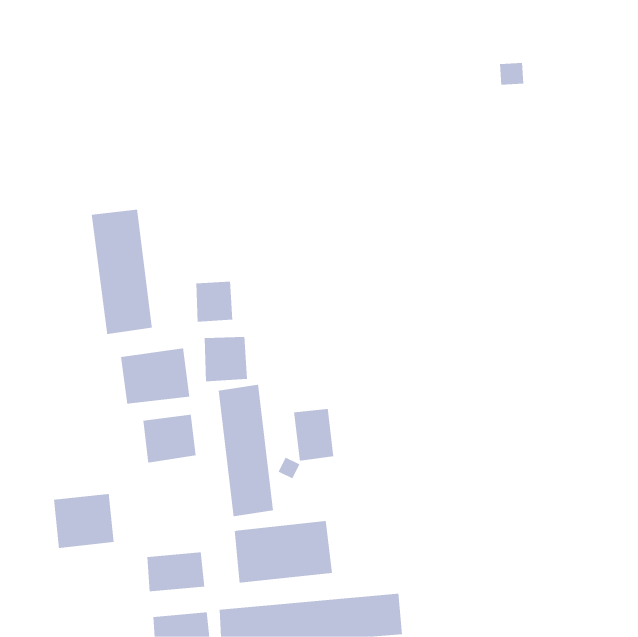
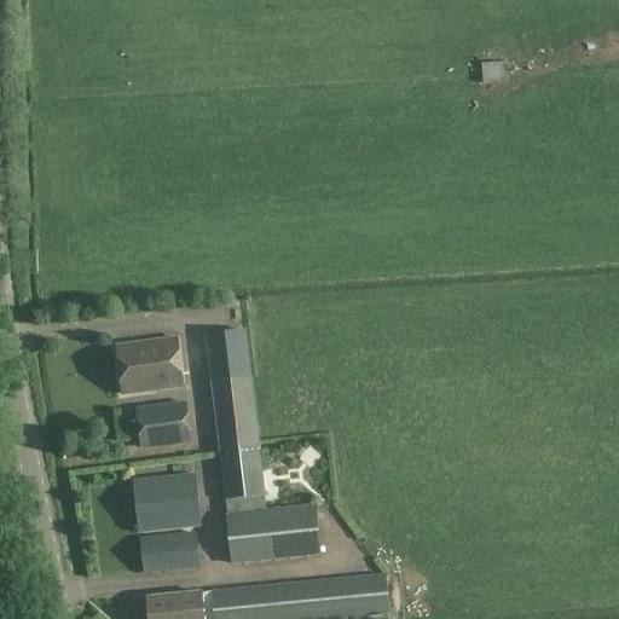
building: [91,209,153,335] -> none
building: [196,281,233,322] -> none
building: [294,408,334,462] -> none
building: [53,493,115,548] -> [138,478,197,531]

